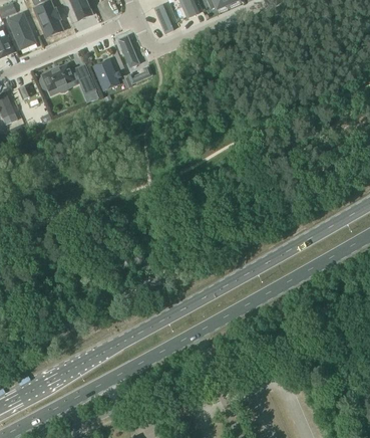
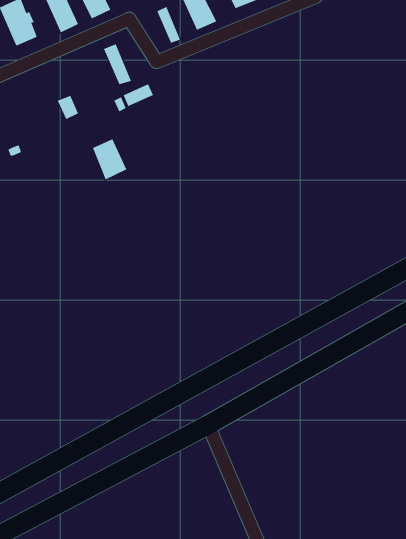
building: [92,58,119,90] -> [92,139,127,180]
building: [39,63,77,90] -> none

